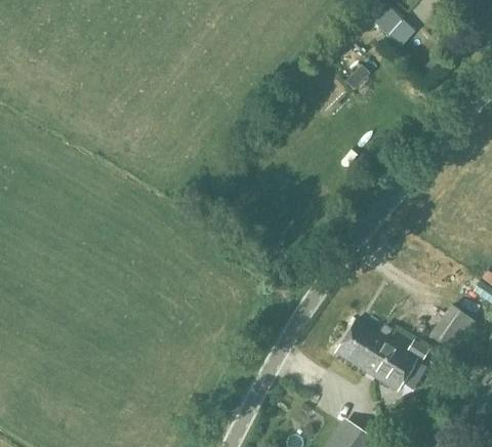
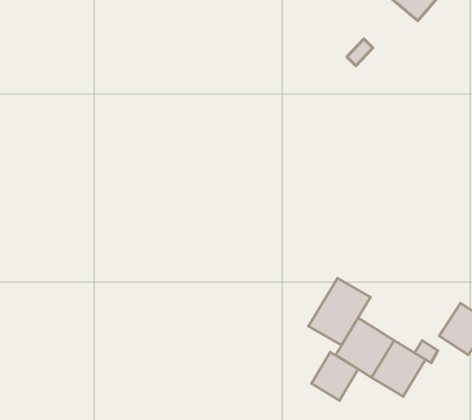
building: none -> [308,278,371,345]
building: none -> [311,352,358,400]

